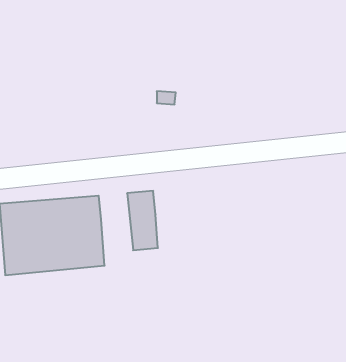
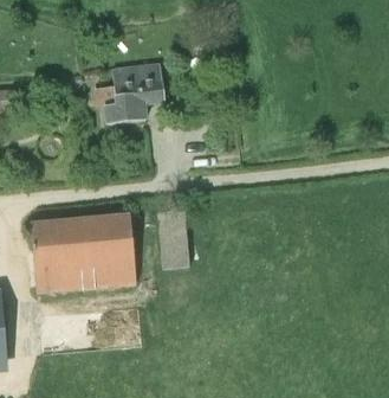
building: none -> [92,60,163,124]

